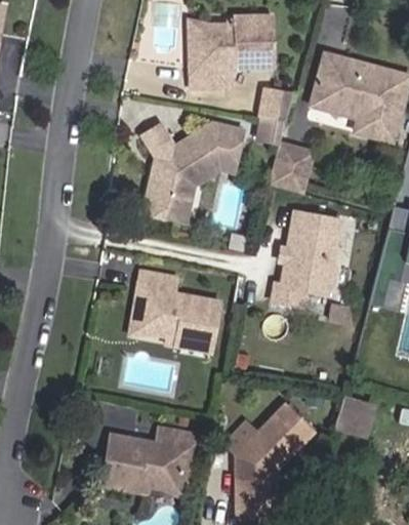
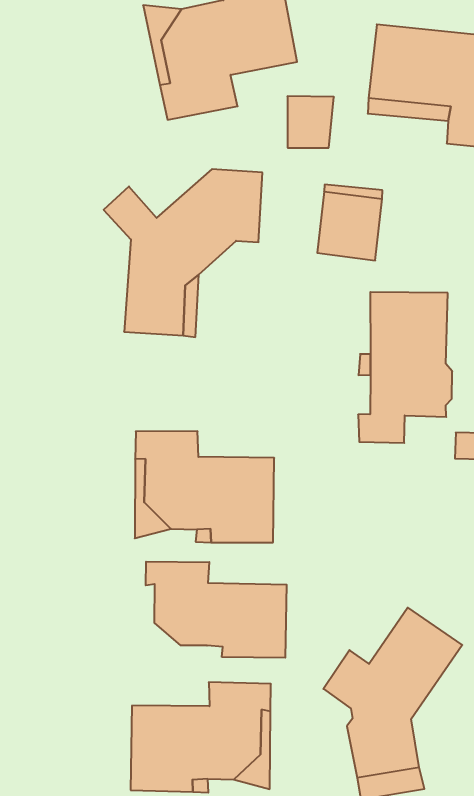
building: none -> [146,562,287,658]

